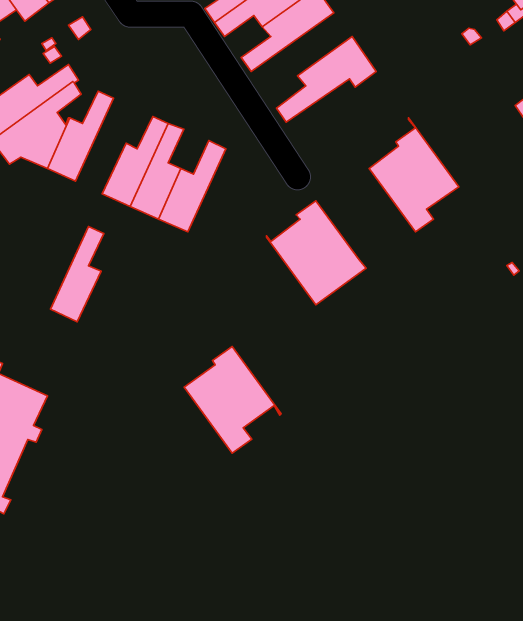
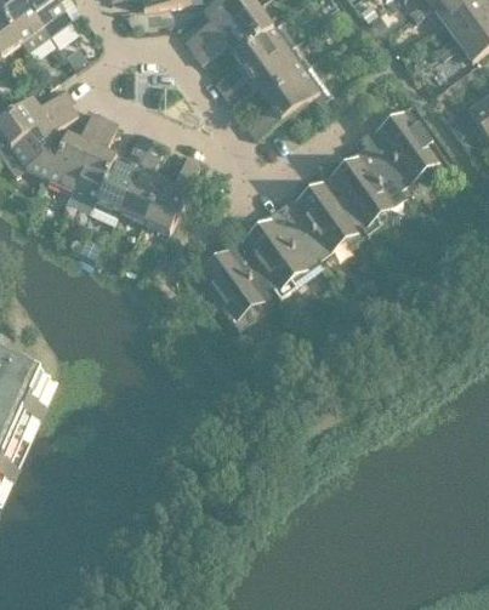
building: none -> [223,42,311,106]
building: none -> [359,106,448,193]
building: none -> [279,177,365,256]
building: [51,226,104,322] -> [72,116,118,199]
building: [184,346,281,453] -> [195,236,279,329]

